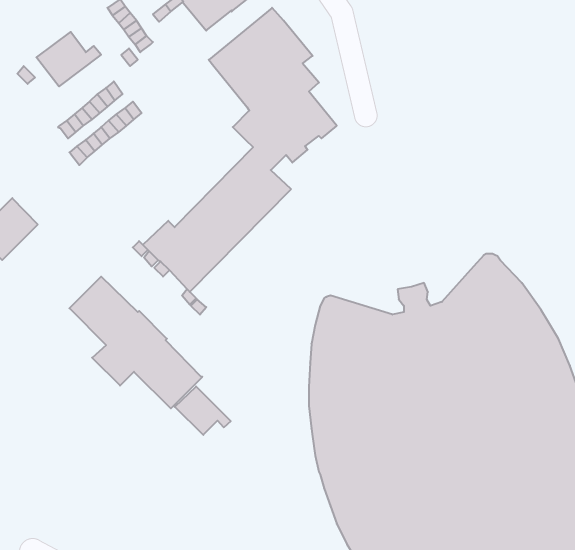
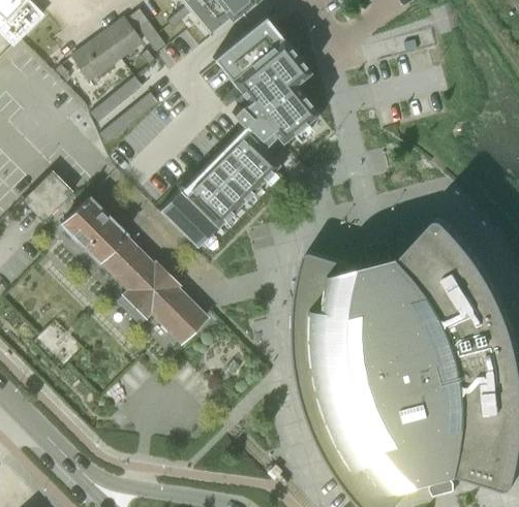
building: none -> [101,18,143,54]
building: none -> [64,196,127,260]
building: [175,386,231,435] -> none

